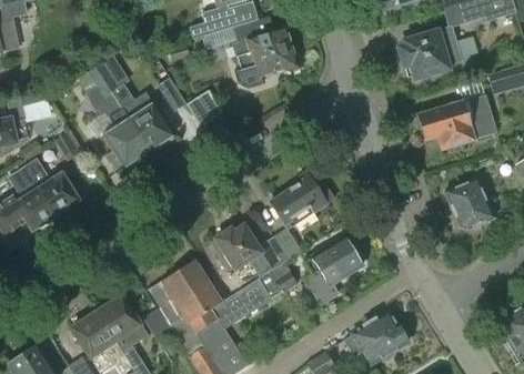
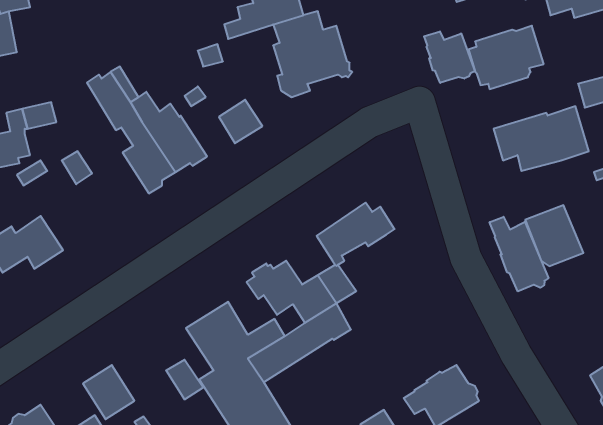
building: none -> [424,31,475,83]
building: [23,158,82,216] -> none
building: none -> [490,217,548,291]
building: [304,237,361,304] -> none
building: [97,296,147,353] -> none

